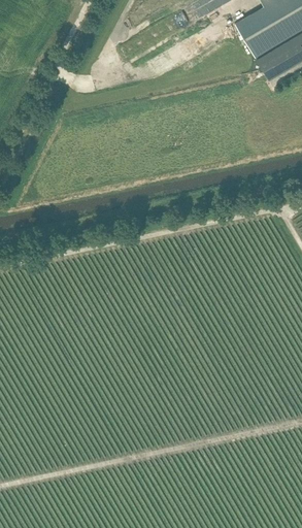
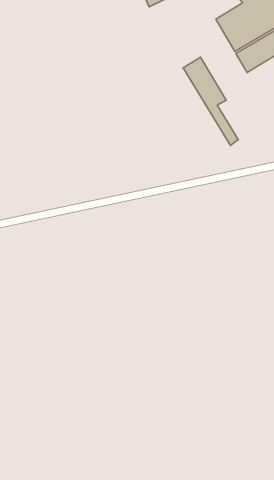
building: none -> [183,57,238,145]

